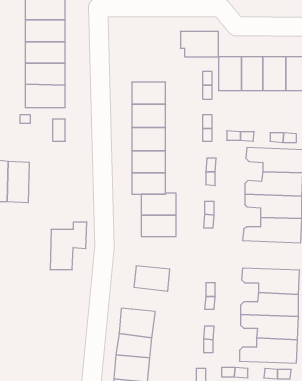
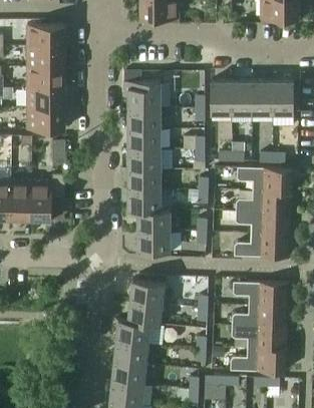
building: [180,31,218,57] -> [124,81,161,105]
building: [50,222,87,270] -> [30,174,65,220]
building: none -> [128,300,163,326]

